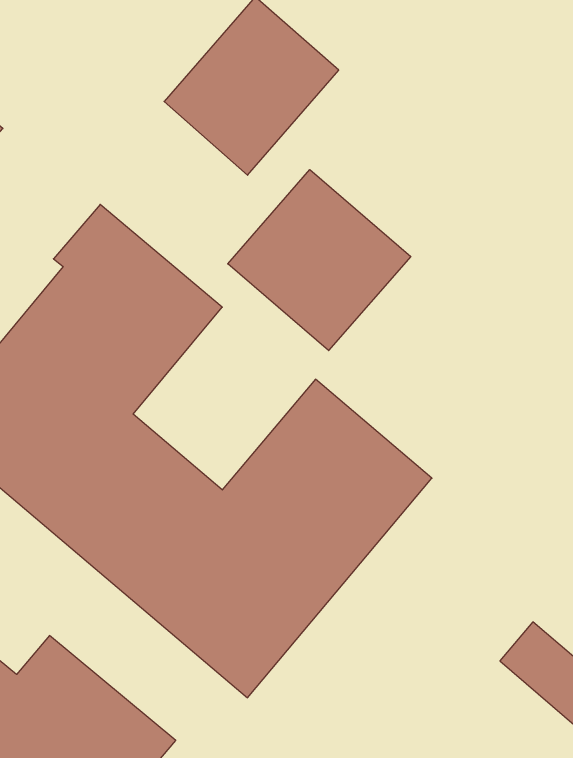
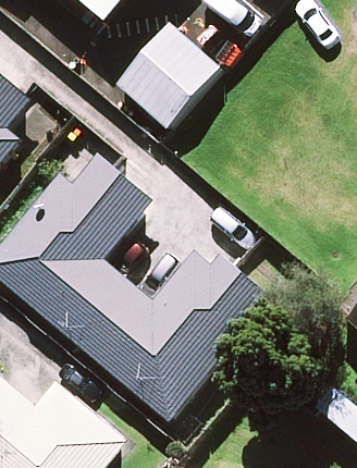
building: [228,170,411,351] -> none

